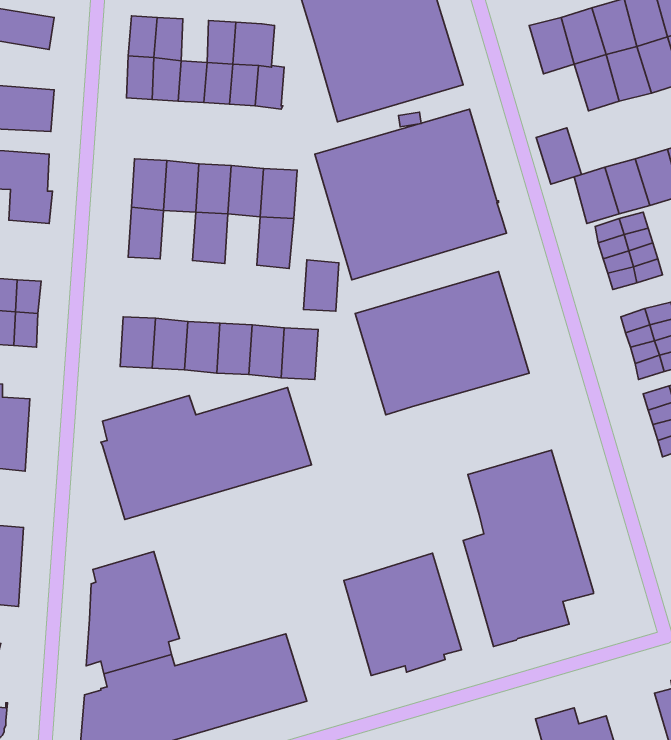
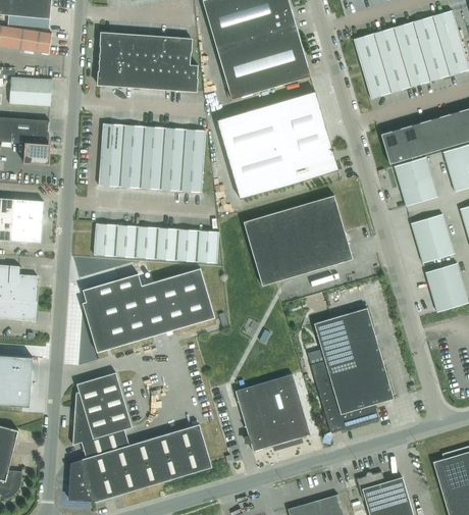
building: none -> [133,35,150,62]
building: [536,128,581,184] -> [362,63,390,99]
building: none -> [119,156,142,188]
building: [303,260,339,311] -> [160,158,183,191]

